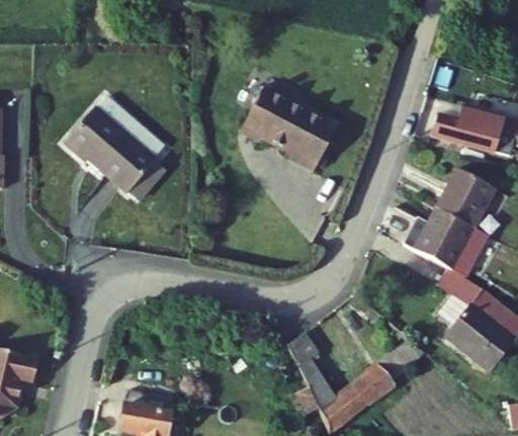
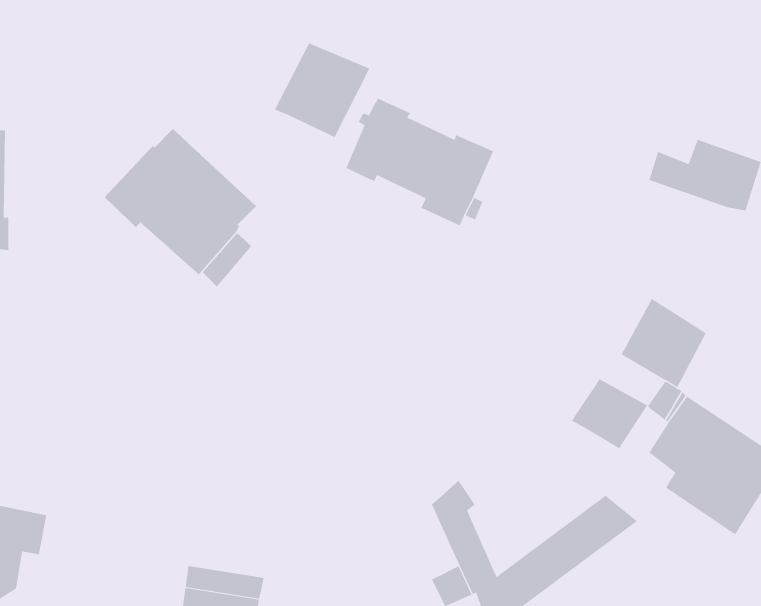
building: none -> [274,42,370,138]
building: [434,170,494,236] -> none
building: none -> [571,378,648,449]

